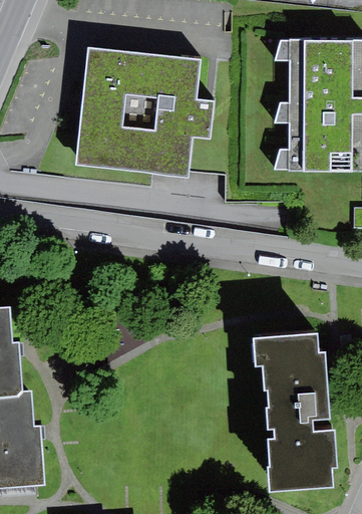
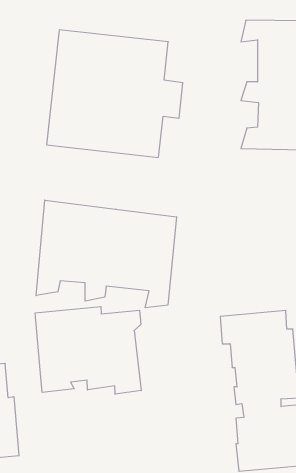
building: none -> [36,200,177,308]
building: none -> [35,307,141,394]

